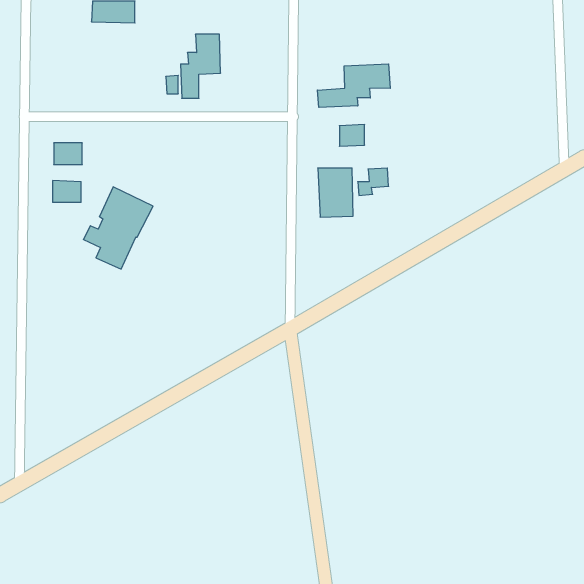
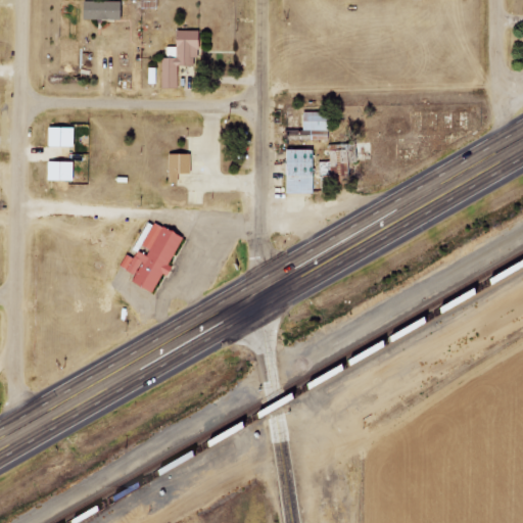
building: [317,64,390,107] -> none
building: none -> [168,154,190,183]
building: [83,187,153,269] -> [121,221,183,294]

